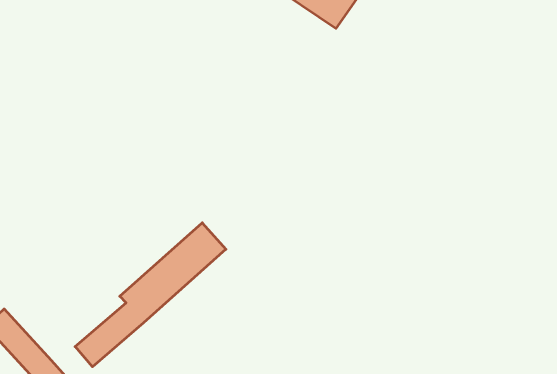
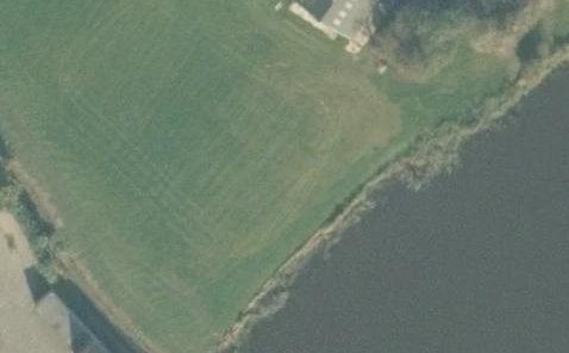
building: [75,223,226,367] -> none

